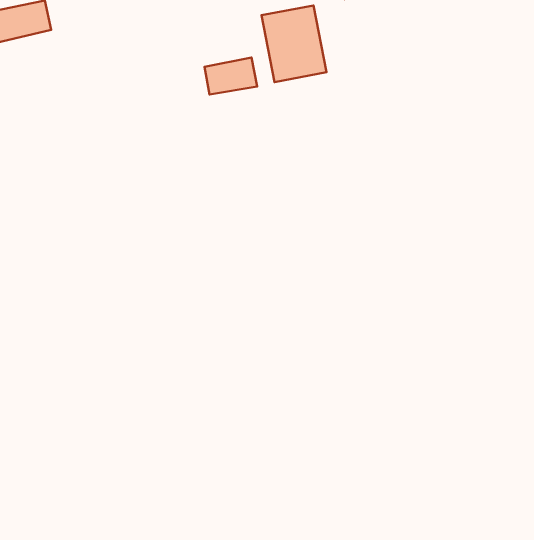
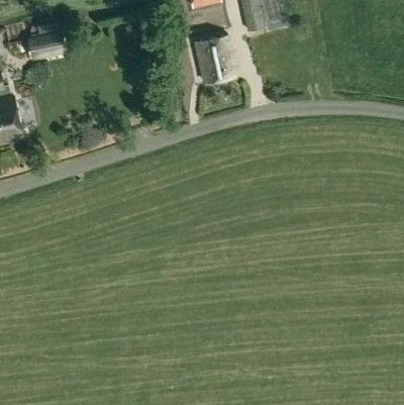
building: [205,57,257,94] -> none

